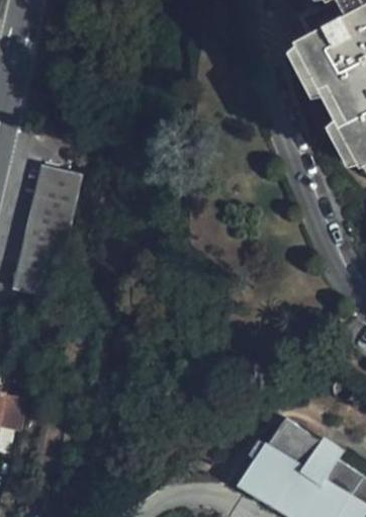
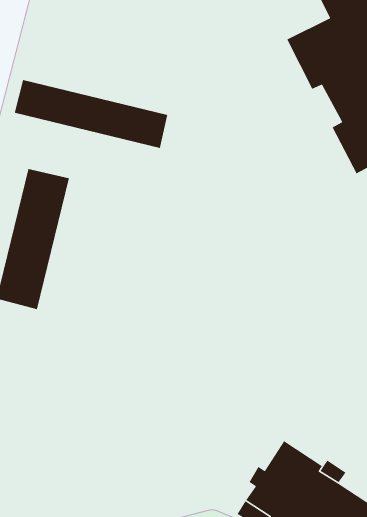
building: none -> [14,79,168,149]

